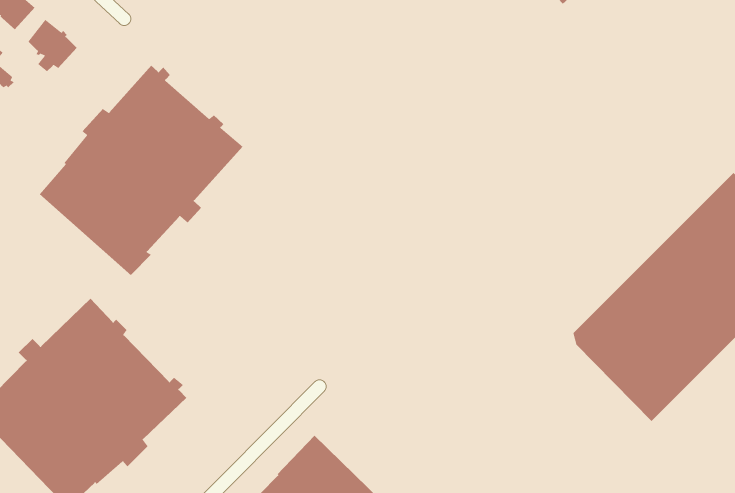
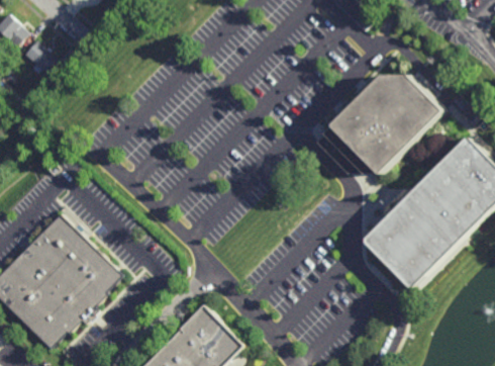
building: [39,65,243,276] -> none
building: none -> [319,76,452,176]

